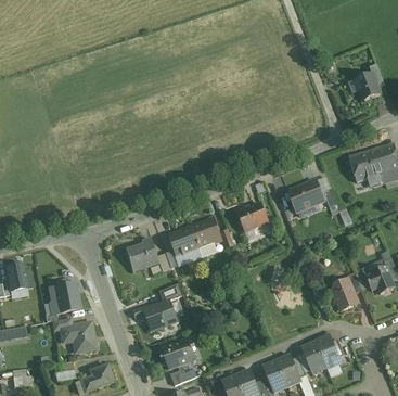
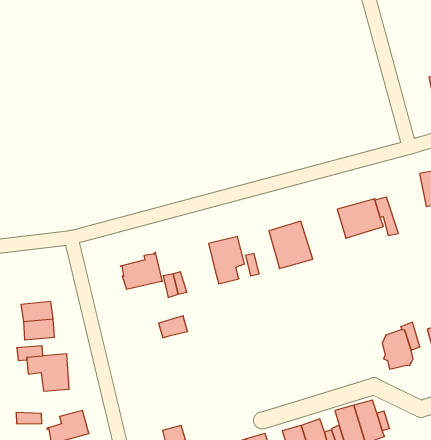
building: [168,226,198,255] -> none
building: [144,299,176,329] -> none
building: [161,337,195,368] -> none

